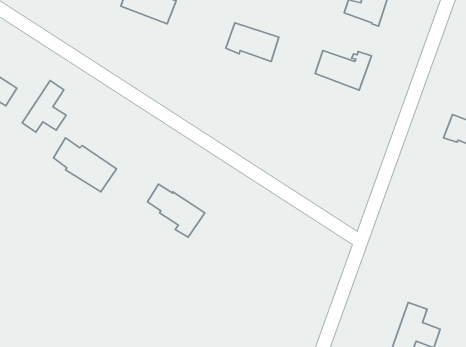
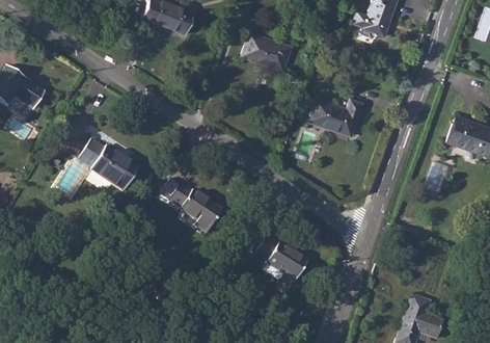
building: [315,50,371,90] -> [308,98,361,135]
building: [22,81,66,132] -> none
building: none -> [255,238,307,283]

